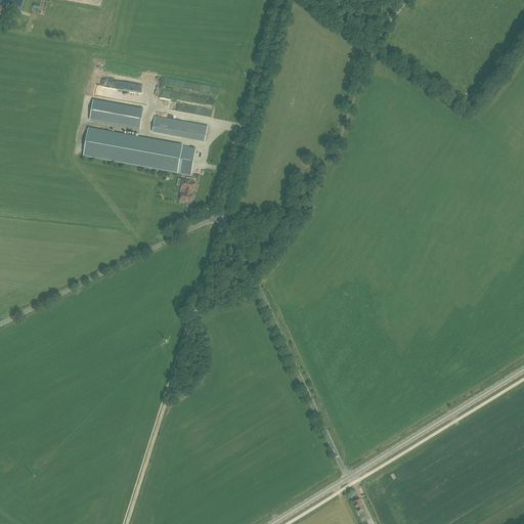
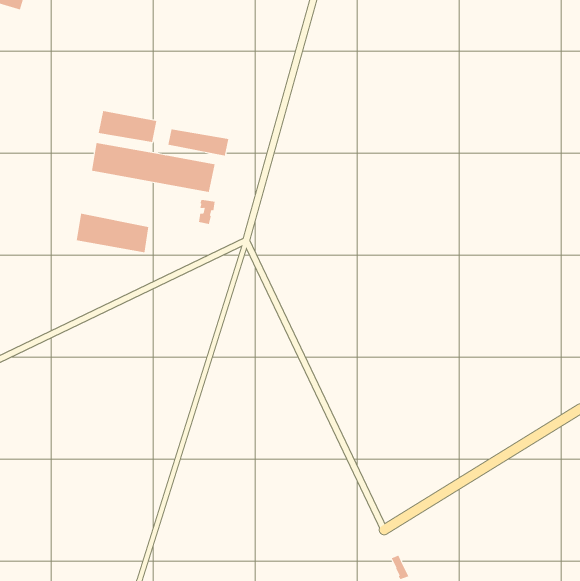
building: none -> [76,213,149,253]

